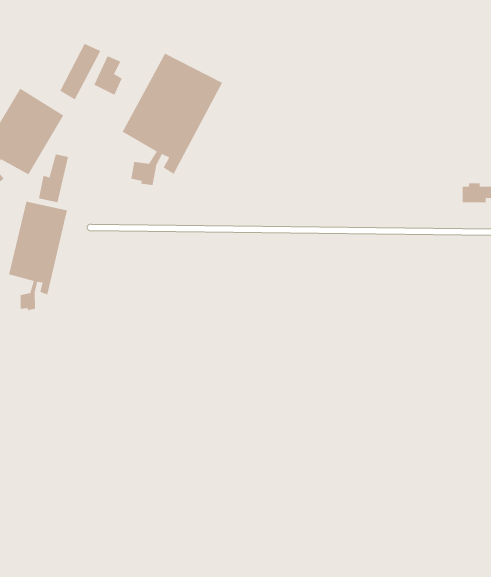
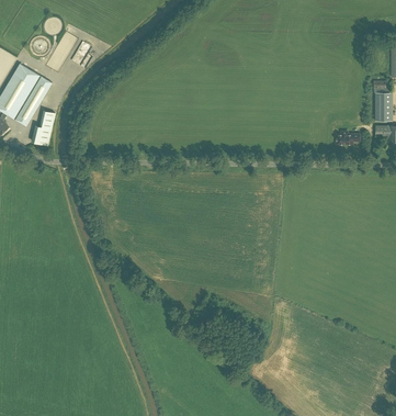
building: [122,53,223,186] -> none
building: [9,201,68,311] -> none

